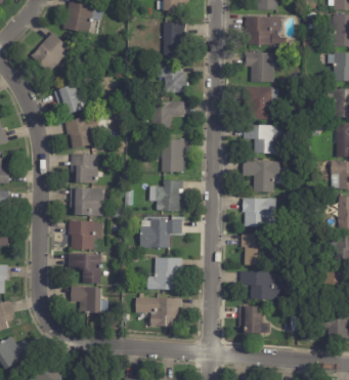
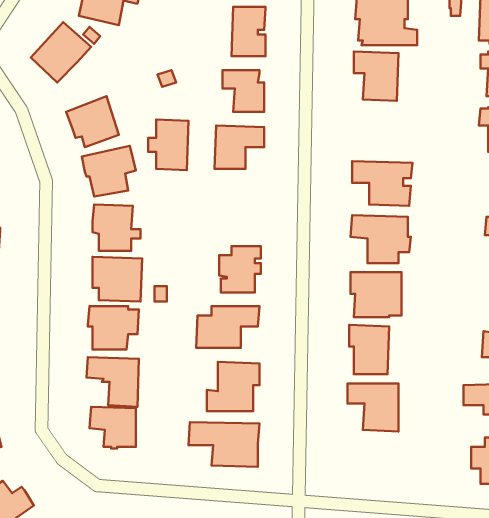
building: [244,86,278,119] -> none
building: [157,137,183,171] -> [148,119,188,170]
building: [238,306,263,335] -> none

